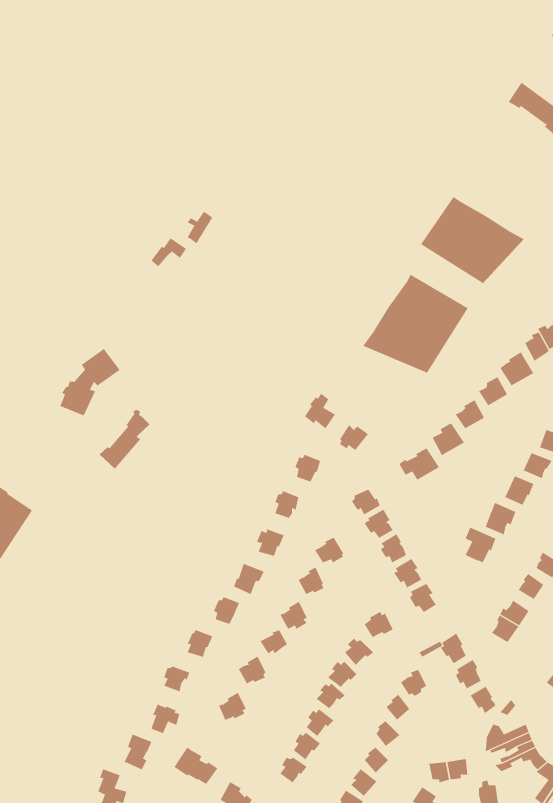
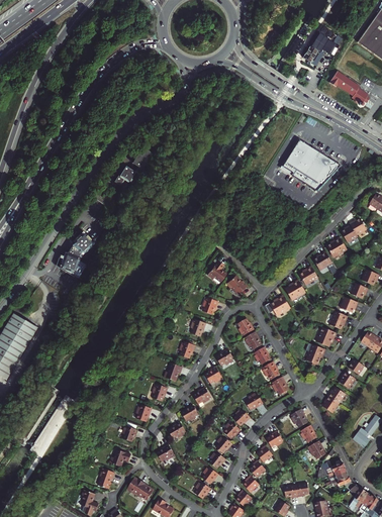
building: none -> [302,26,333,63]
building: [362,274,469,373] -> none
building: [99,409,150,469] -> none

